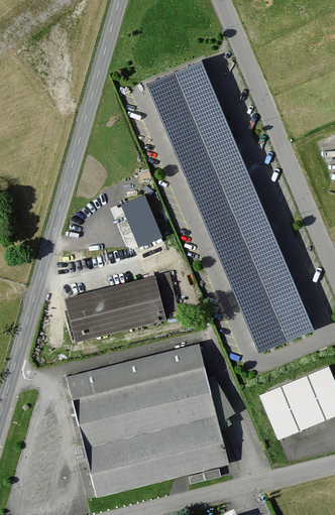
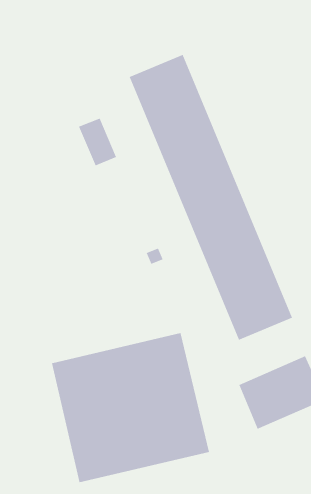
building: [123,198,162,247] -> [78,118,117,166]
building: [66,276,179,339] -> none

